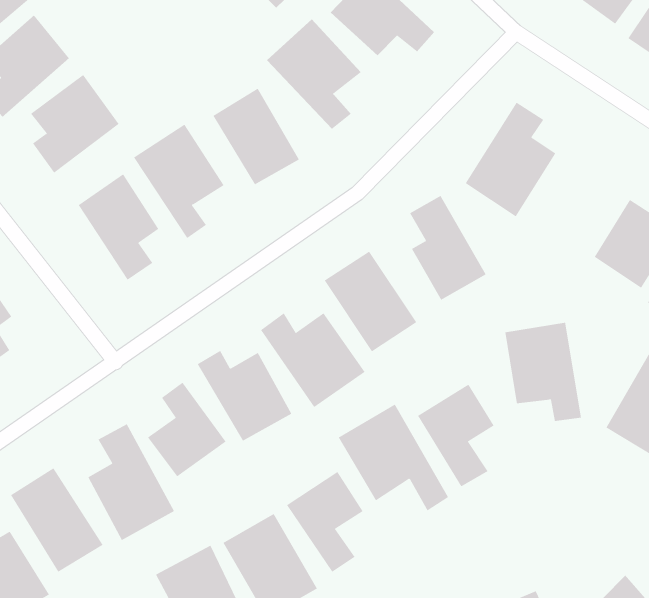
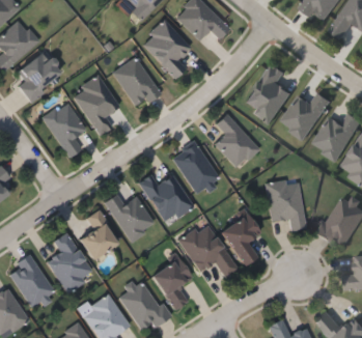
building: none -> [280,92,332,139]

